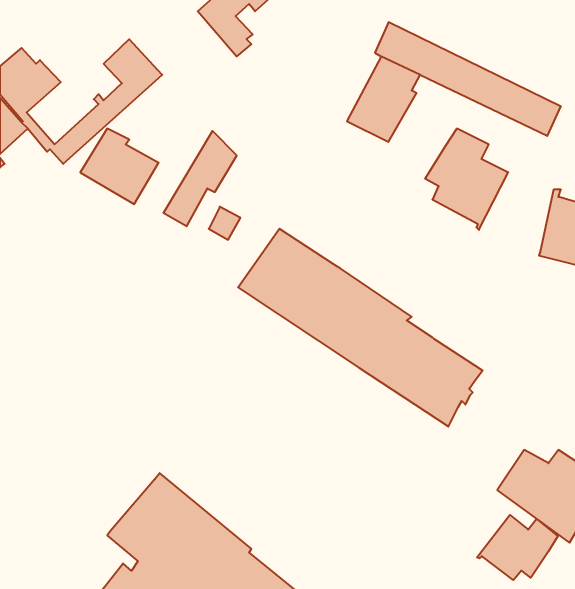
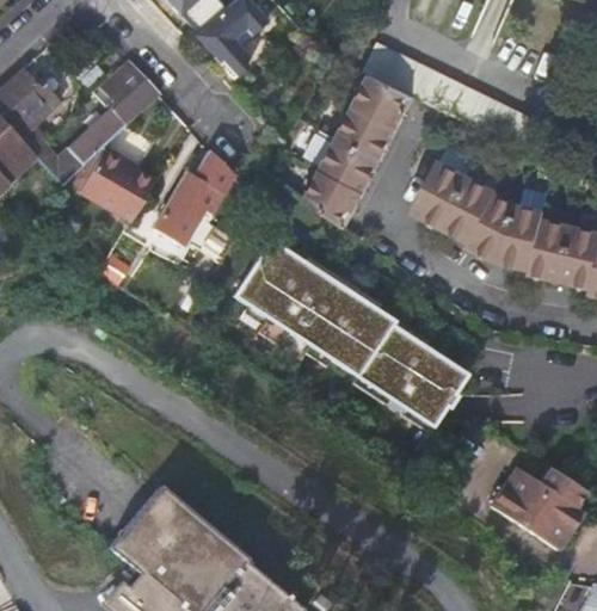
building: none -> [307,141,380,222]
building: none -> [468,191,541,269]
building: [477,515,558,580] -> none

